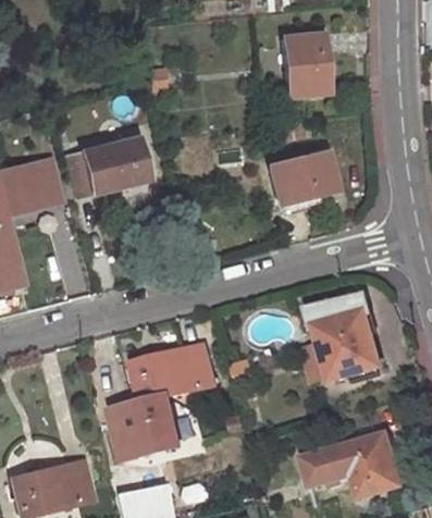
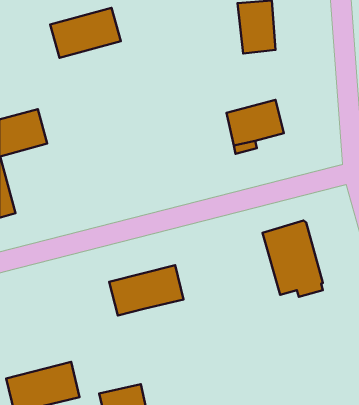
building: [63,136,146,195] -> [50,8,121,58]
building: [109,394,184,462] -> none
building: [304,435,400,499] -> none

